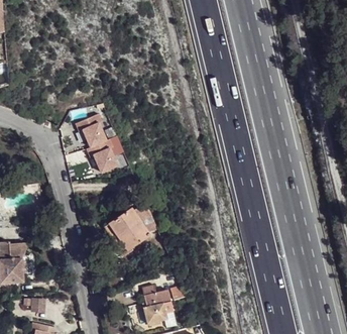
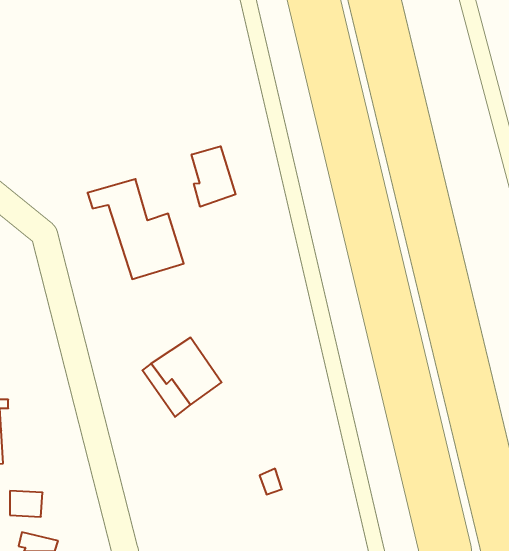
building: none -> [192,146,236,207]
building: [142,283,174,316] -> none

